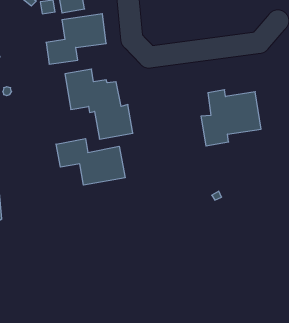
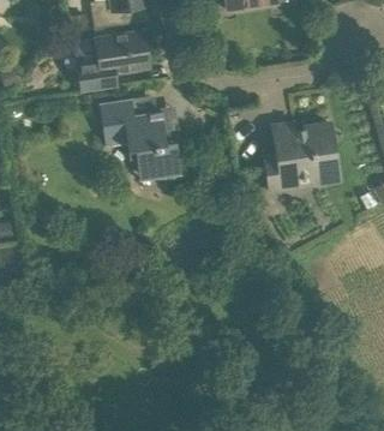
building: [56,139,125,185] -> none

